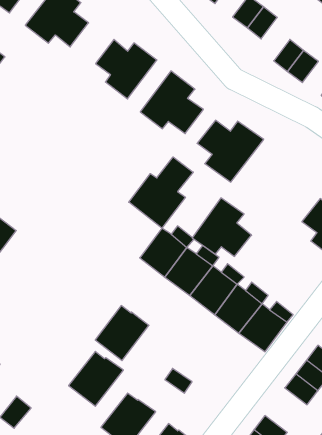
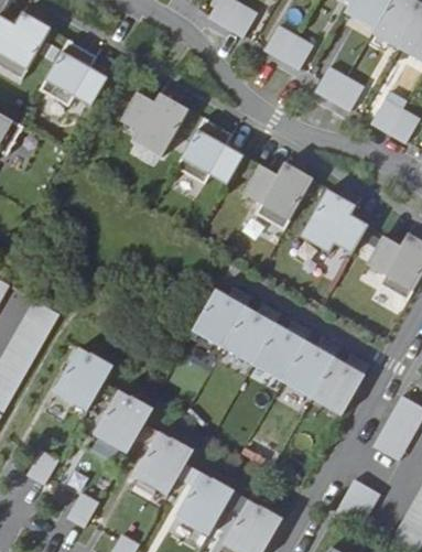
building: [129,157,193,228] -> none
building: [192,198,252,256] -> [305,188,369,250]
building: none -> [56,349,113,409]
building: [95,306,149,361] -> [97,391,153,451]

